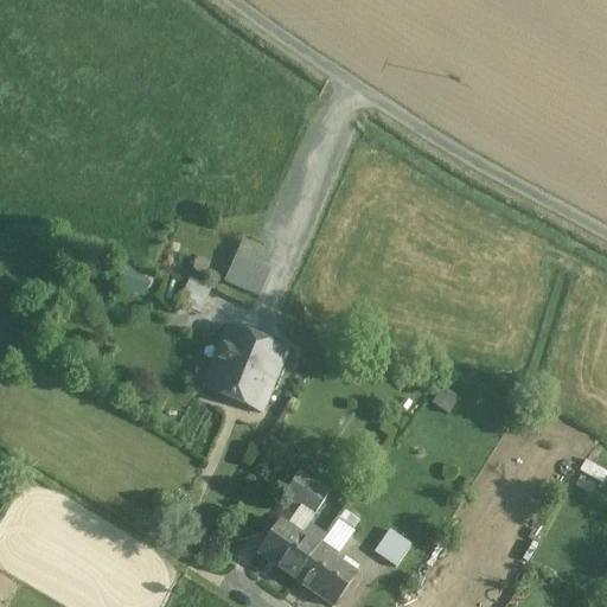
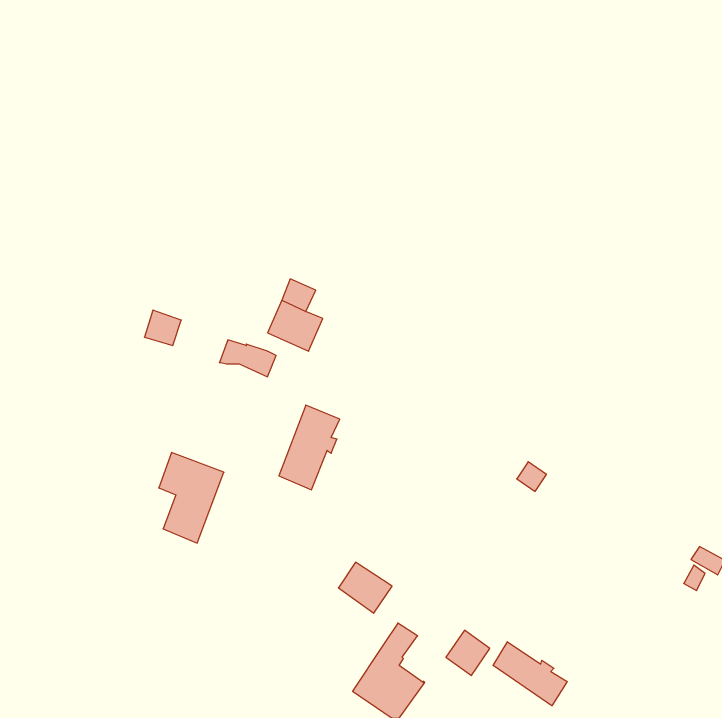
building: [203,322,257,398] -> [159,452,224,543]
building: [257,518,322,579] -> none
building: none -> [493,642,567,706]

